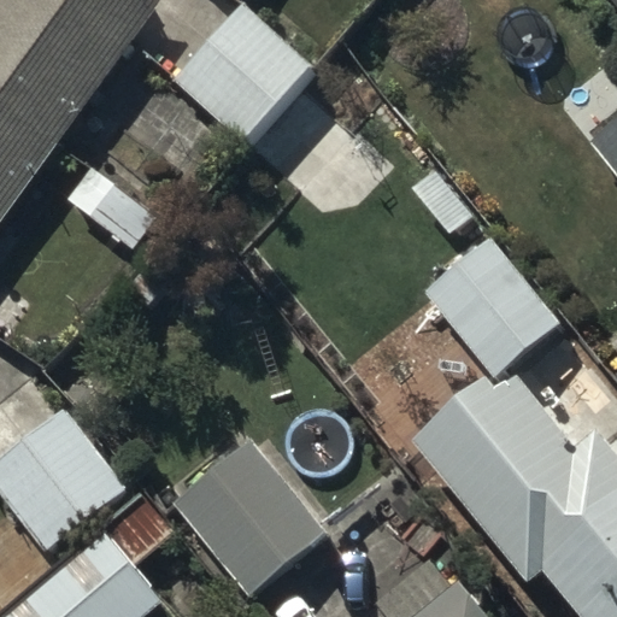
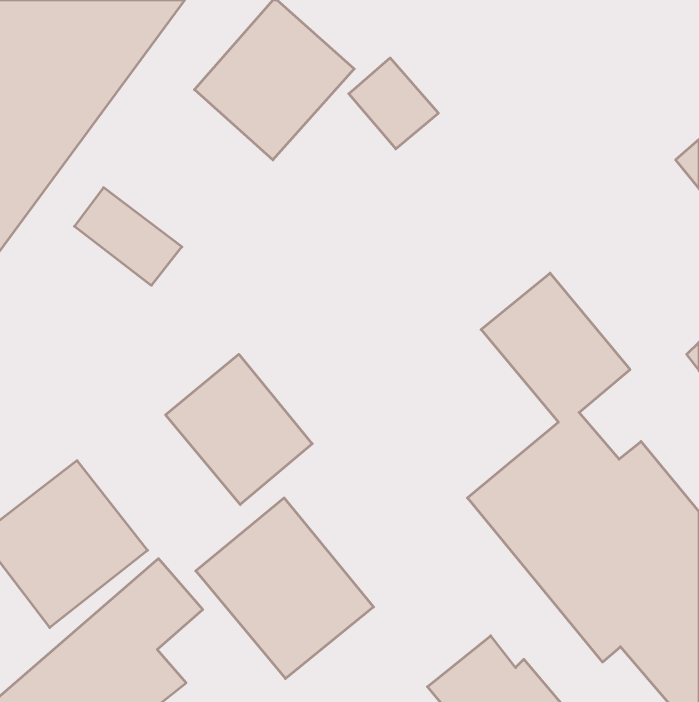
building: none -> [166,354,312,505]

